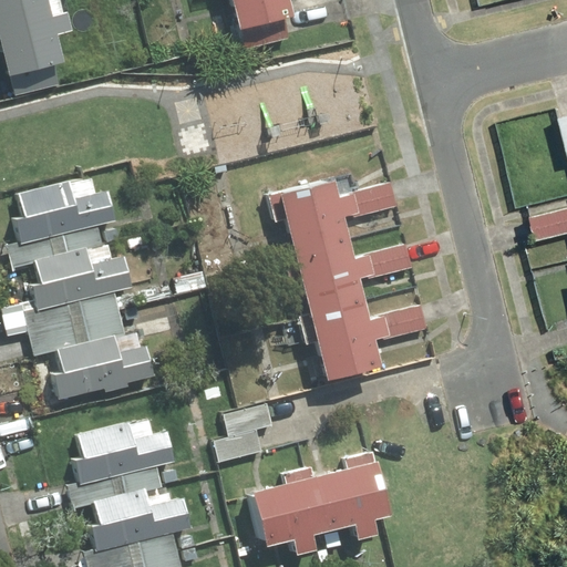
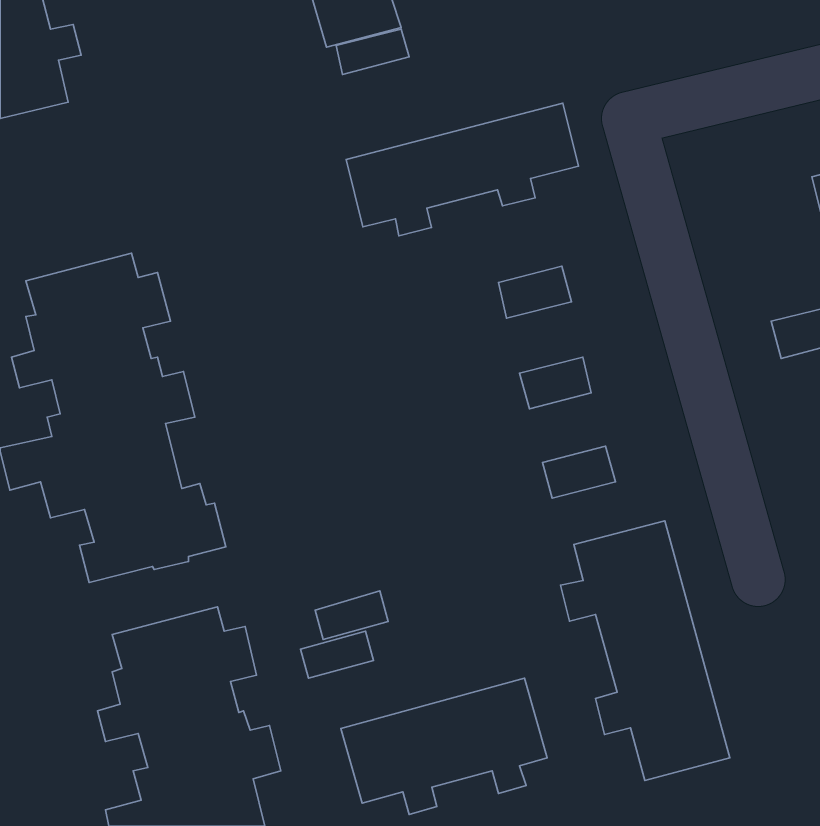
building: none -> [346,103,579,236]
building: [266,182,378,382] -> none
building: none -> [560,521,730,780]

